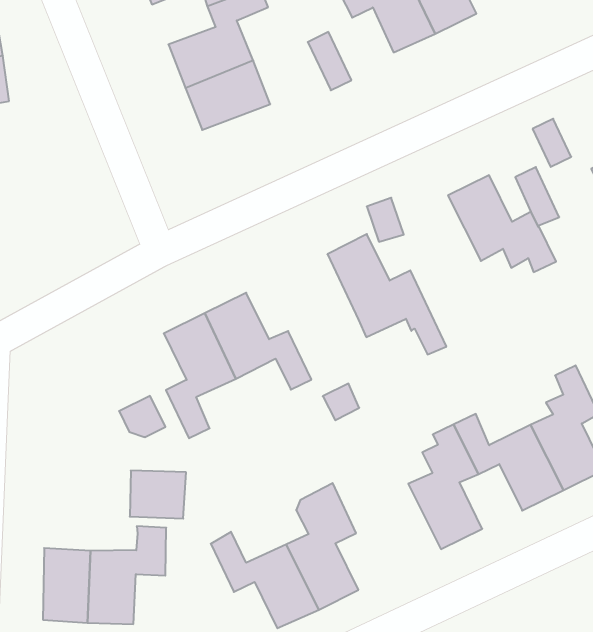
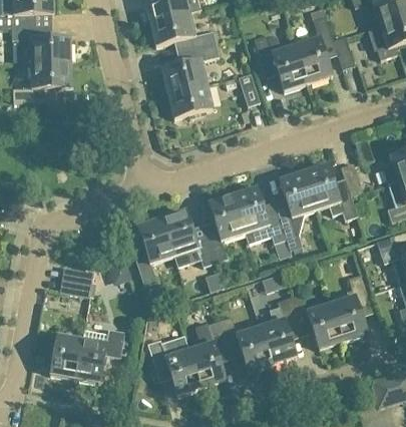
building: none -> [277,170,316,253]
building: none -> [206,193,245,261]
building: [130,471,186,519] -> [59,266,93,296]
building: none -> [219,315,273,371]

